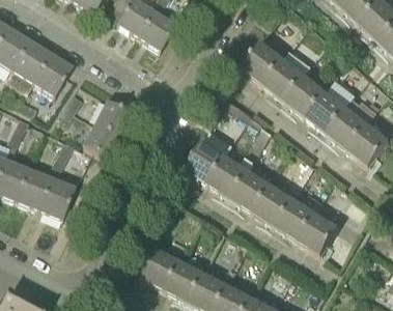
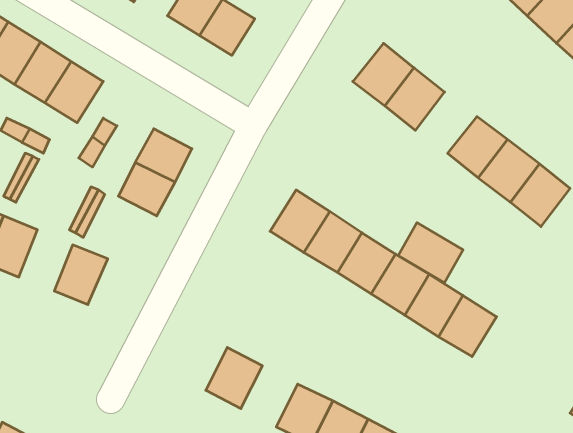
building: [283,75,325,116] -> none
building: none -> [398,223,463,283]
building: [15,168,51,209] -> none
building: [165,260,203,302] -> none

